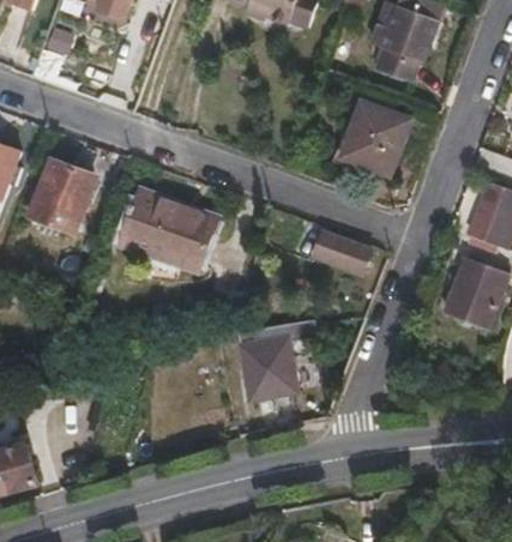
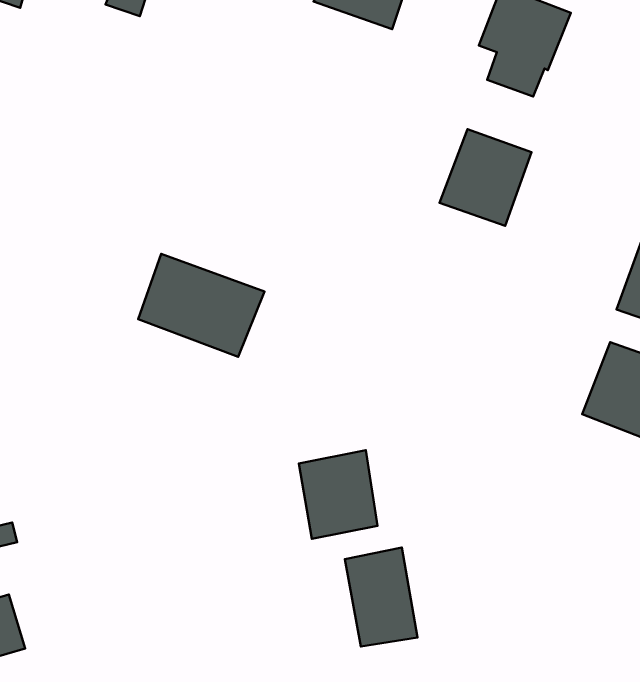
building: [30,158,91,229] -> none
building: [314,231,372,272] -> none
building: none -> [345,547,417,647]

